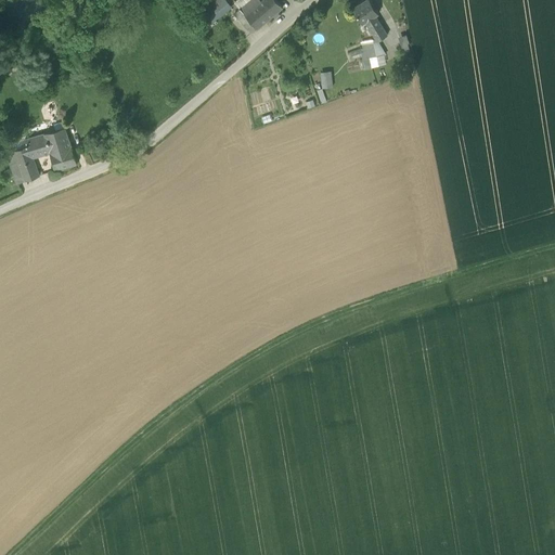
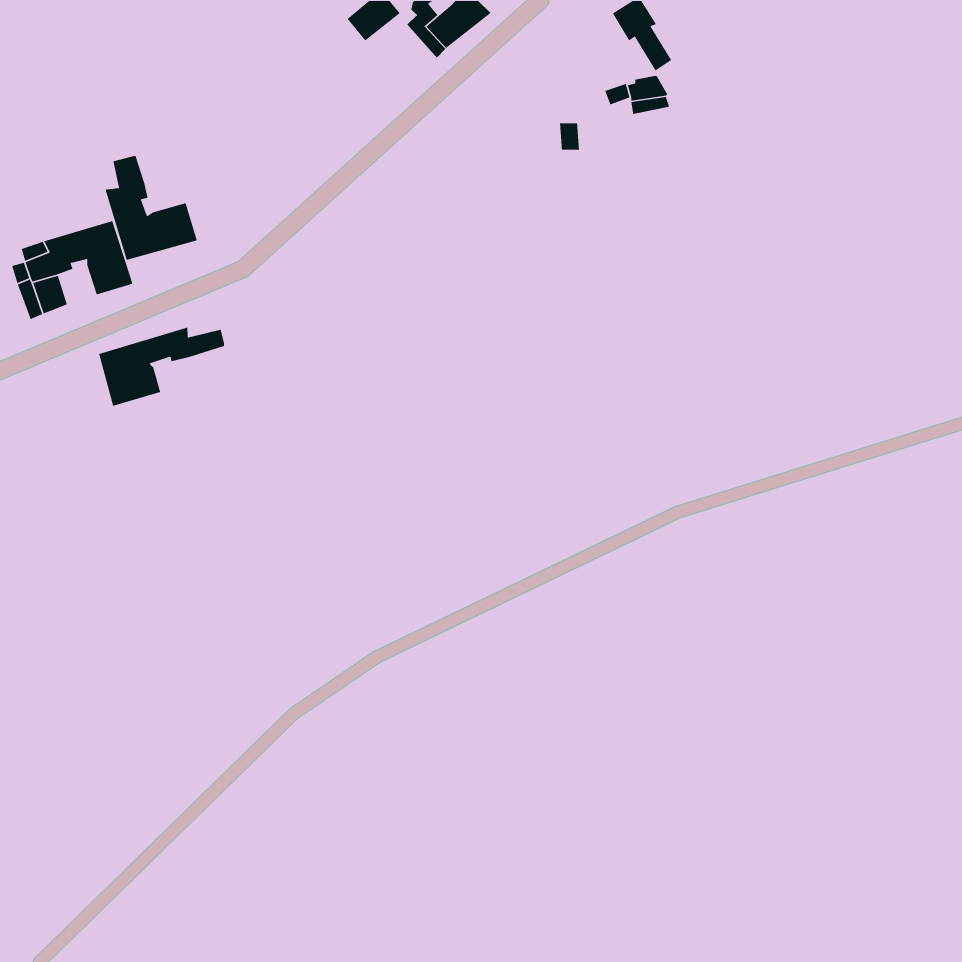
building: none -> [104,155,198,261]
building: none -> [98,326,225,407]

